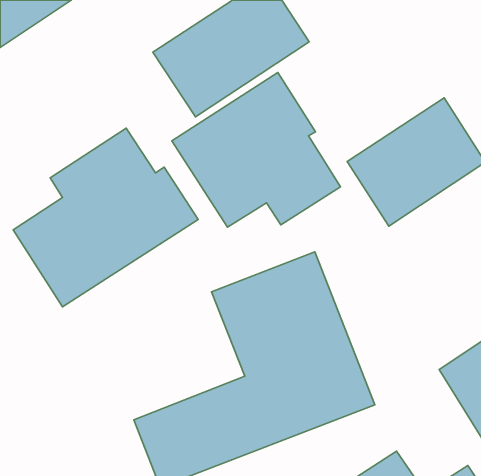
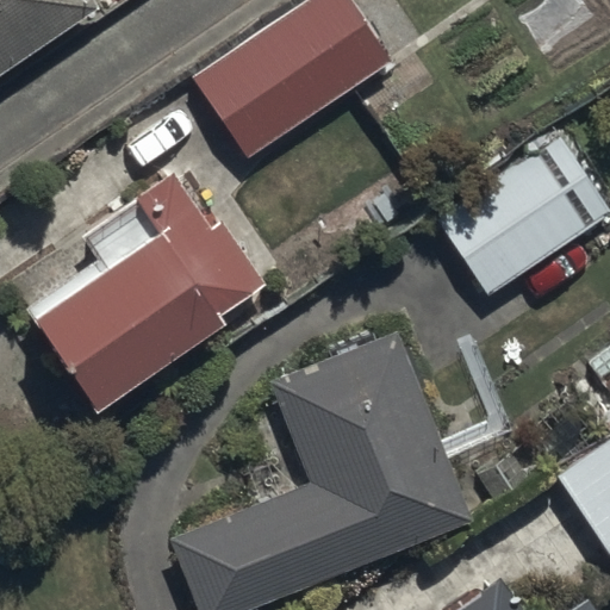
building: [172,73,341,227] -> none

